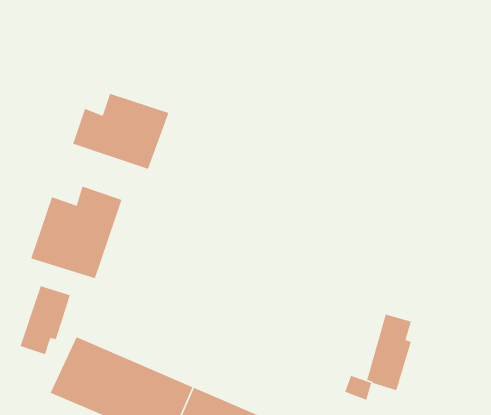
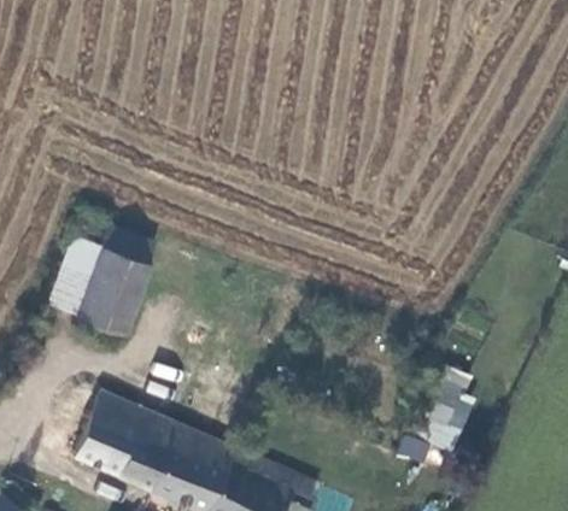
building: [72,93,170,170] -> none
building: [19,285,71,355] -> none

